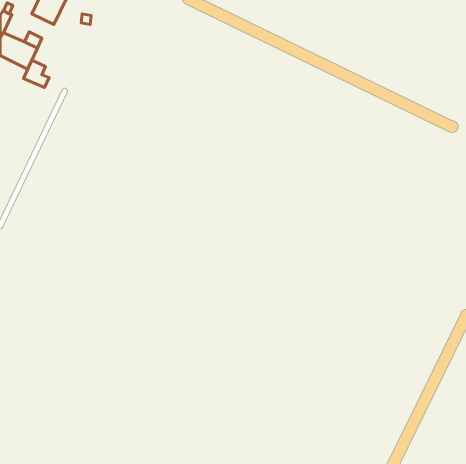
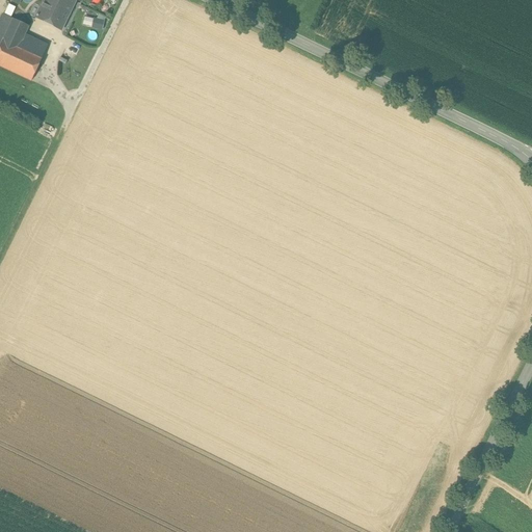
building: [24,60,49,88] -> [4,17,33,48]

